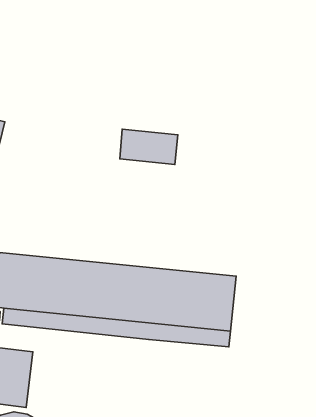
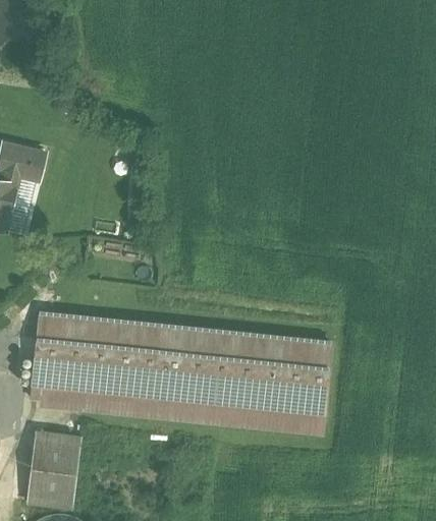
building: [120,129,178,164] -> none

